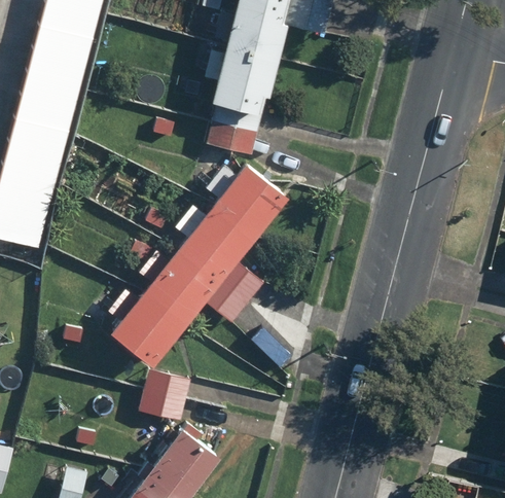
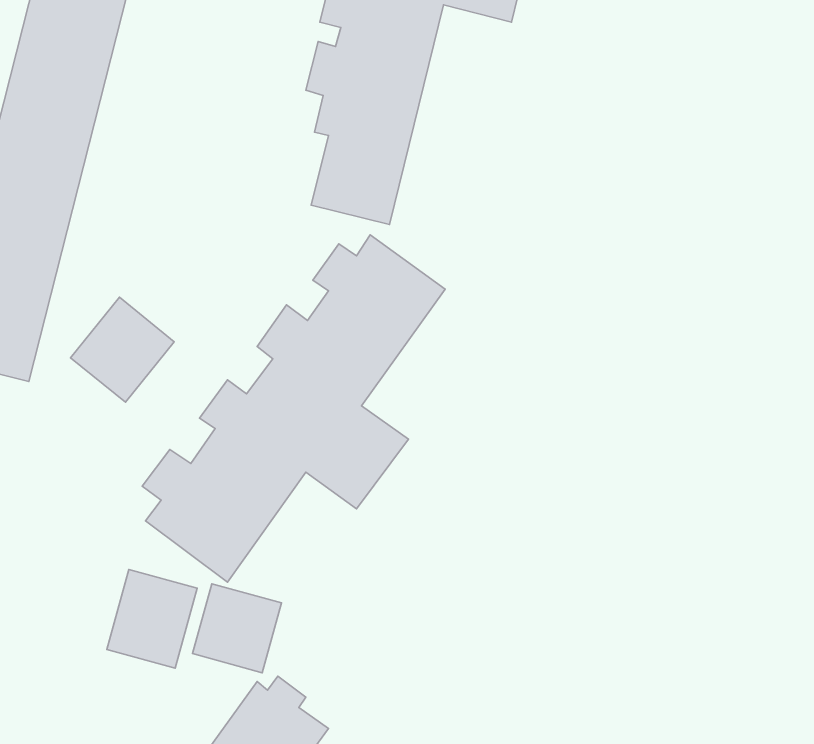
building: none -> [71,297,174,402]
building: none -> [107,569,197,668]

